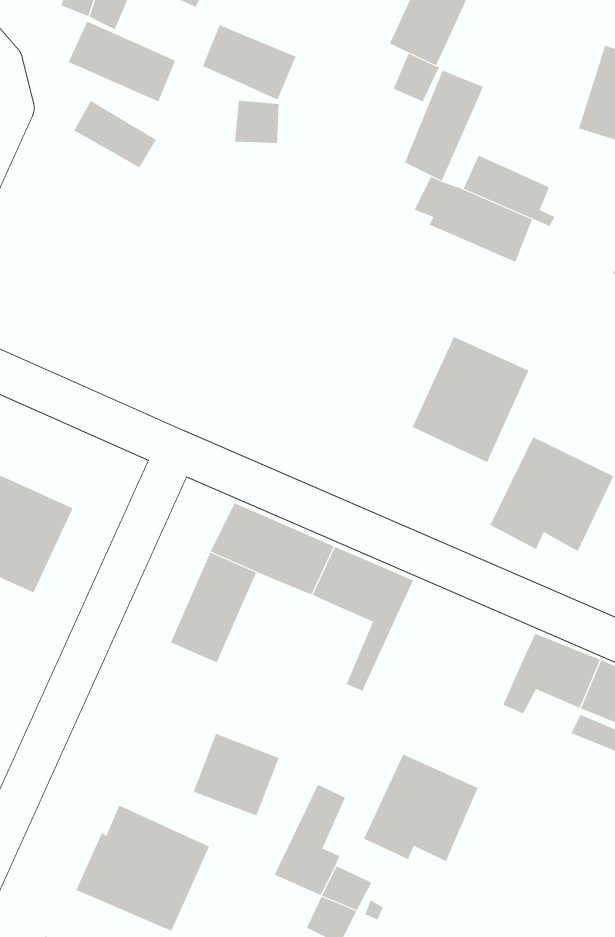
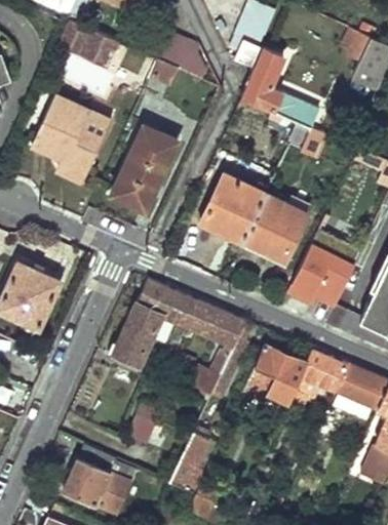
building: none -> [32,93,112,181]
building: none -> [113,127,180,214]
building: none -> [200,171,268,240]
building: [363,754,479,862] -> [243,347,306,405]

